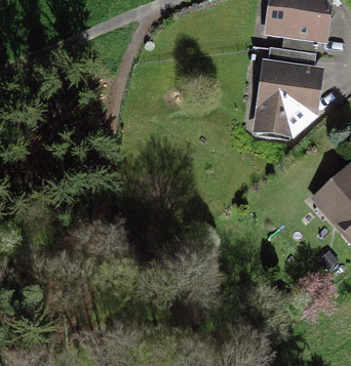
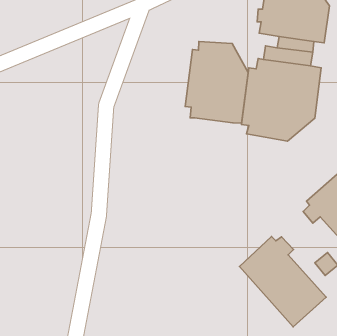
building: none -> [185,41,248,123]
building: none -> [239,237,326,327]

